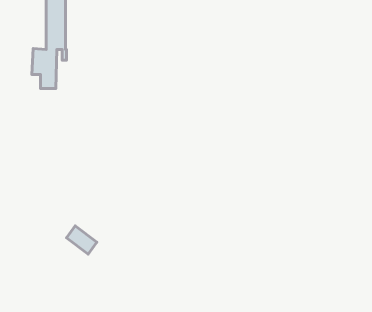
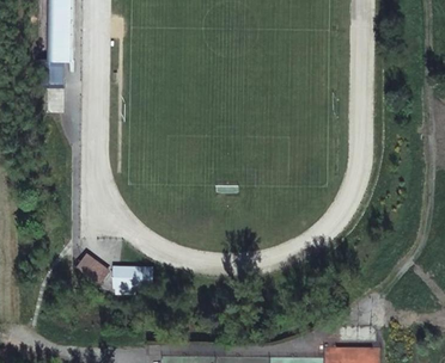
building: none -> [111,265,148,291]

